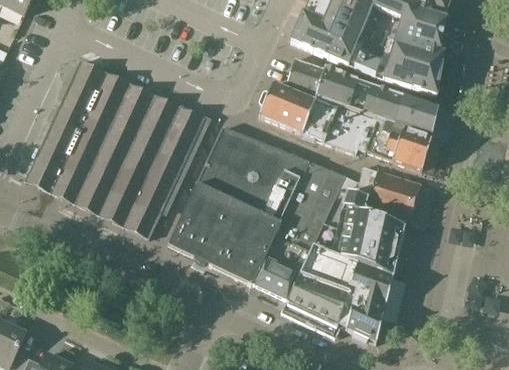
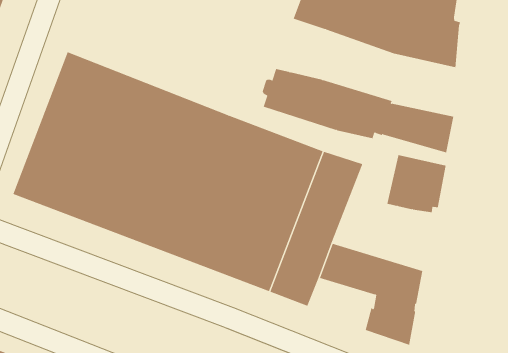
building: [286,60,439,140] -> none
building: [313,167,406,278] -> none
building: [287,278,349,328] -> none

